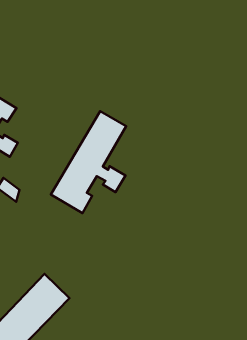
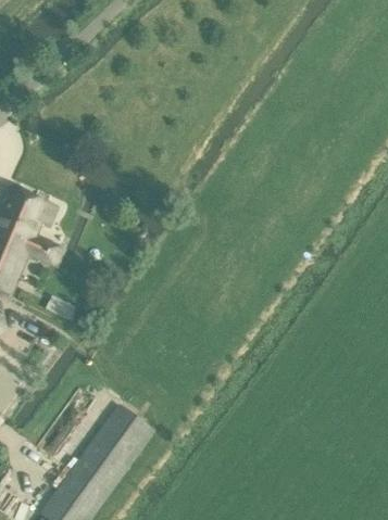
building: [51,111,126,213] -> none

